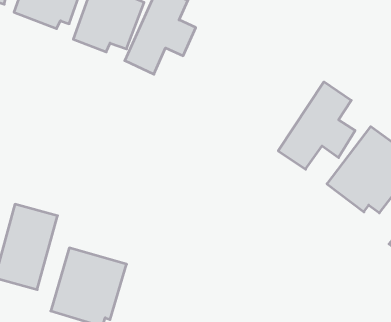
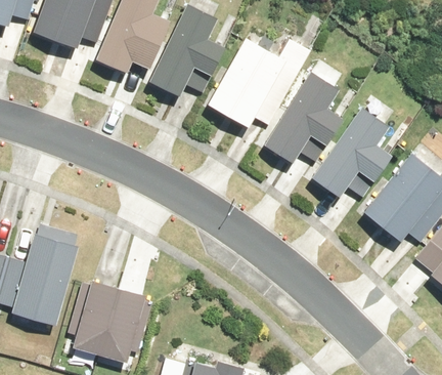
building: none -> [209,38,307,126]
building: none -> [264,70,346,164]

